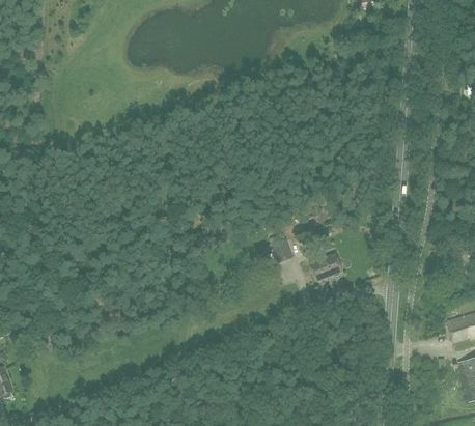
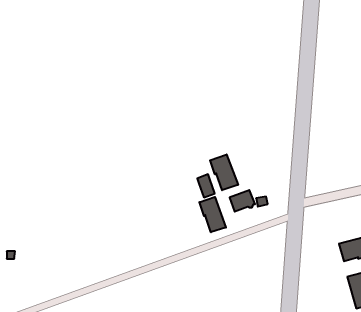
building: none -> [210,154,238,190]
building: none -> [199,197,226,232]

